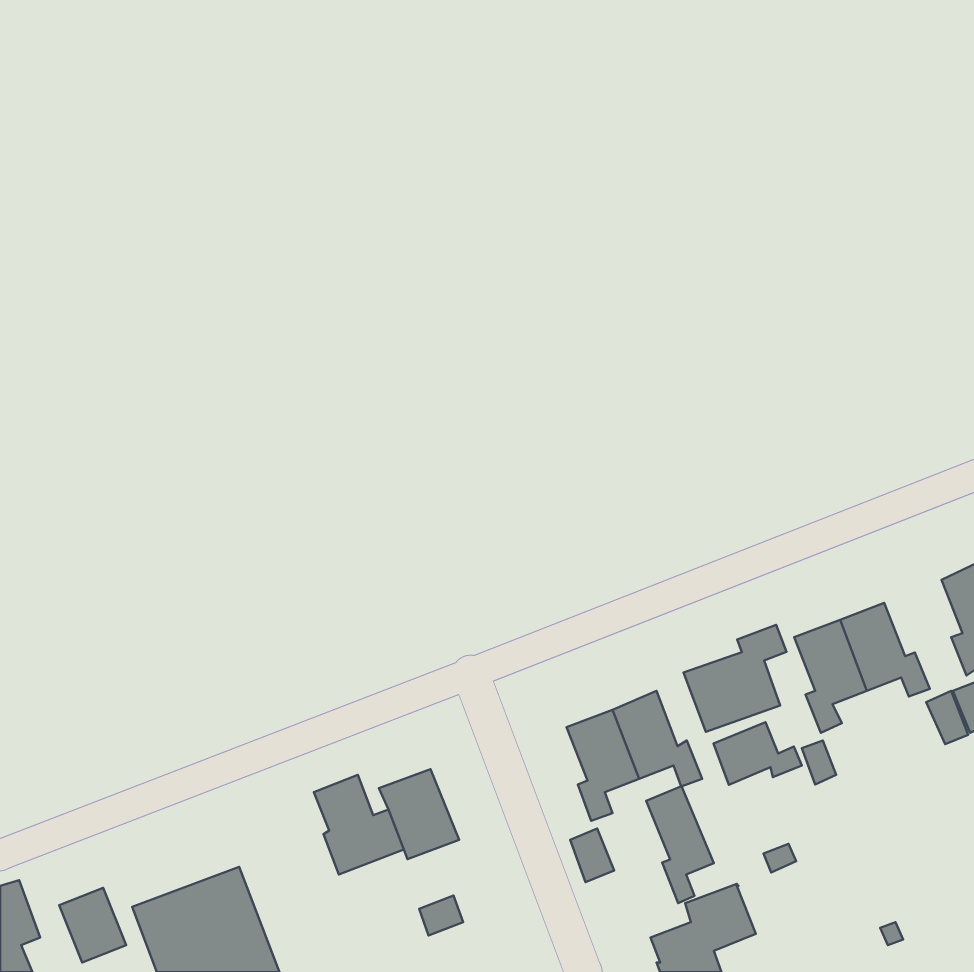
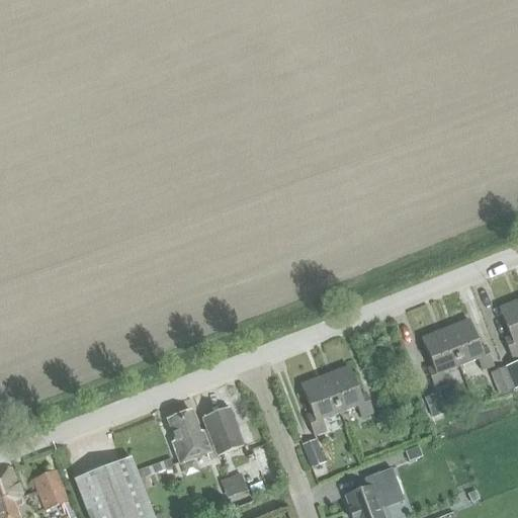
building: [684,625,786,732] -> none
building: [714,722,802,785] -> none
building: [646,786,714,903] -> none

